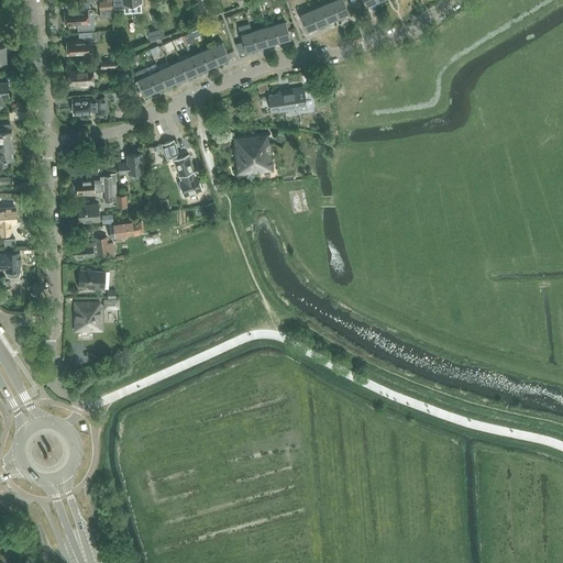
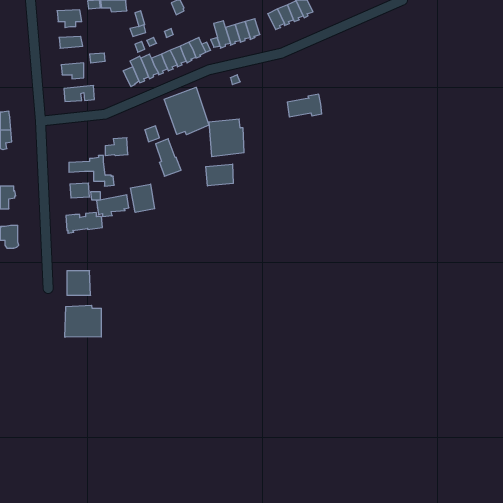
building: [268,87,307,112] -> [287,94,322,117]
building: none -> [164,87,209,135]
building: none -> [206,164,233,186]
building: none -> [131,184,155,212]
building: [78,271,106,288] -> none
building: none -> [65,305,101,337]

